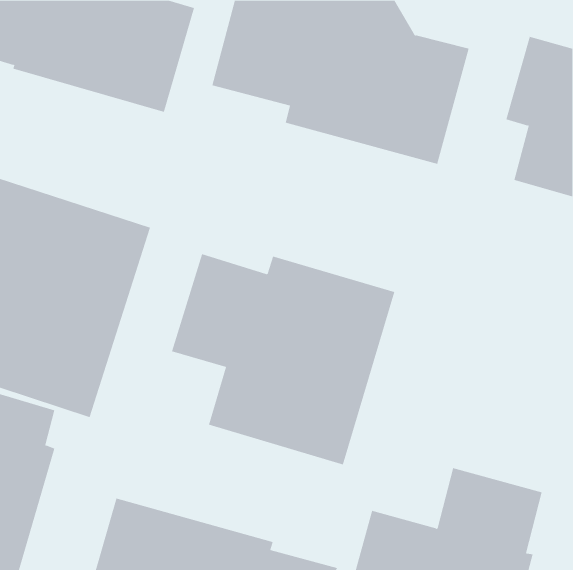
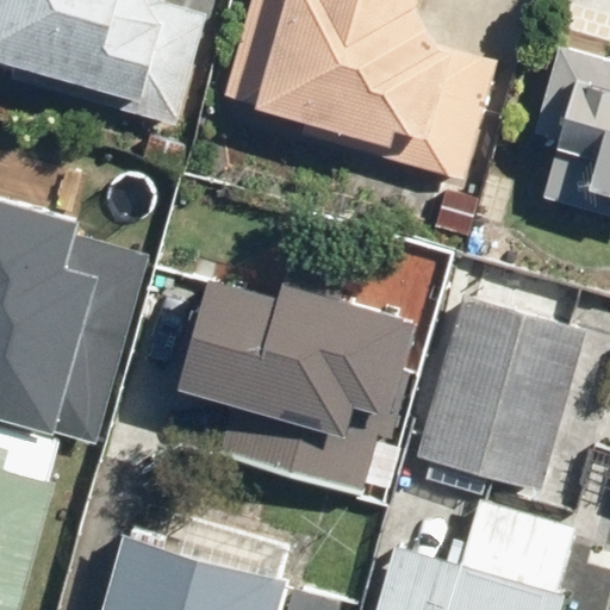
building: none -> [415,293,585,488]

